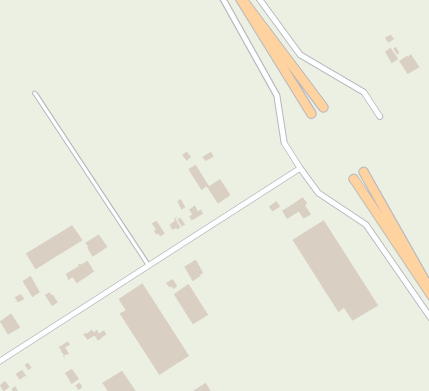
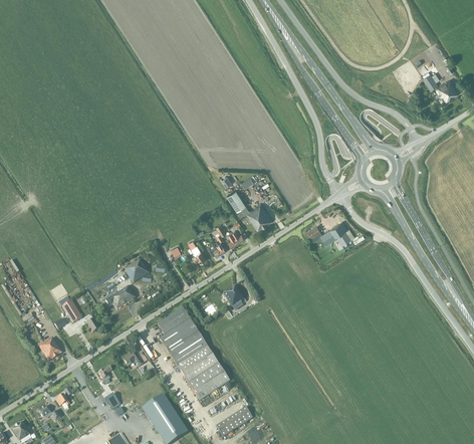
building: [292,219,379,322] -> none
building: [25,224,84,270] -> none
building: [173,283,209,326] -> none

